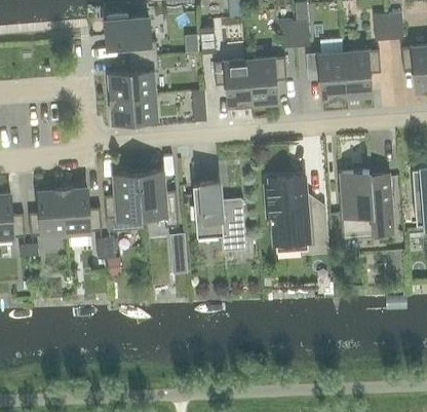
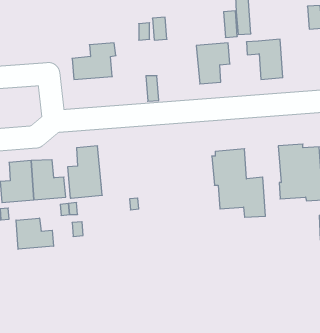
building: [105,15,156,60] -> none
building: [343,50,380,97] -> none
building: [214,61,253,106] -> none
building: [111,96,156,123] -> none
building: [138,172,178,228] -> none
building: [192,176,246,249] -> none
building: none -> [16,218,54,249]

